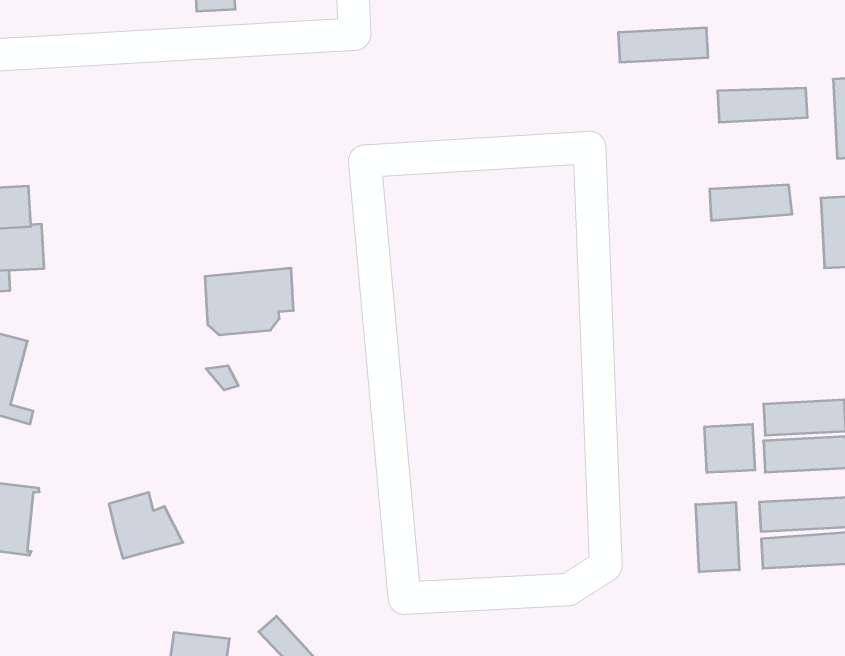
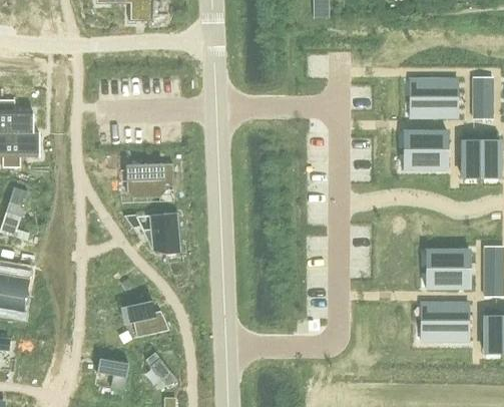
building: [618,28,708,62] -> [409,99,457,115]
building: none -> [402,151,445,168]
building: none -> [141,213,179,251]
building: [705,424,755,473] -> none
building: [109,493,183,558] -> [129,301,168,336]
building: [696,502,739,572] -> none

